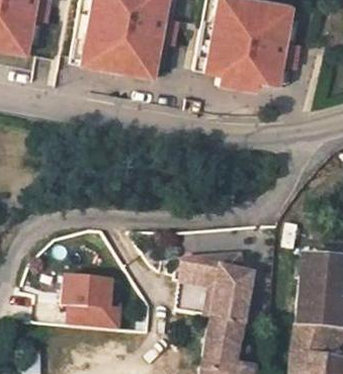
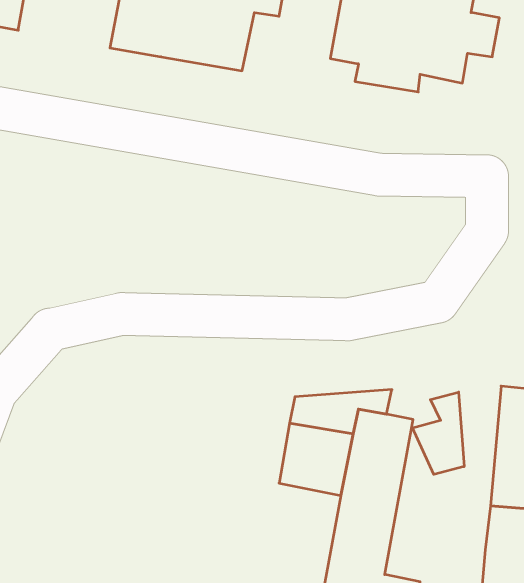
building: none -> [412,392,464,474]
building: [61,277,121,330] -> none

